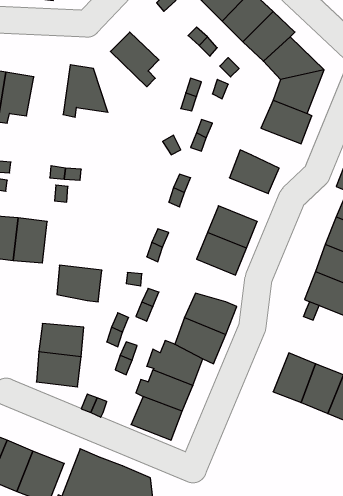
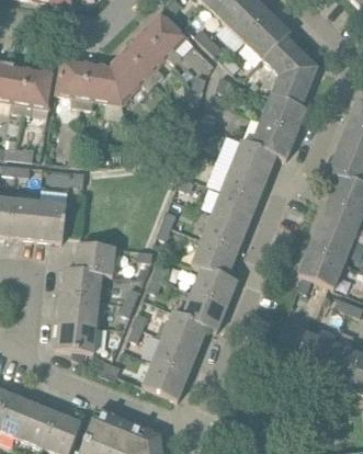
building: none -> [141,11,188,63]
building: none -> [109,49,157,104]
building: none -> [56,57,88,106]
building: none -> [251,118,296,158]
building: none -> [222,163,266,203]
building: none -> [191,237,237,275]
building: none -> [63,268,103,298]

